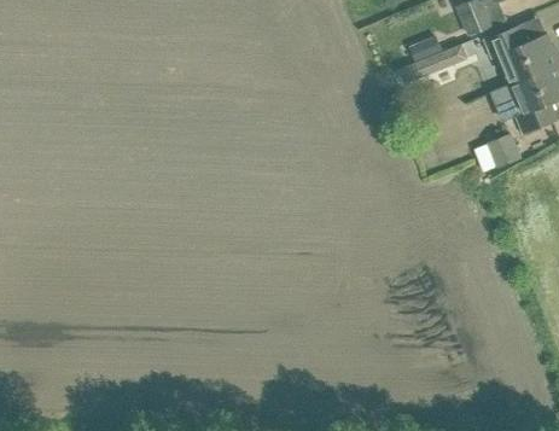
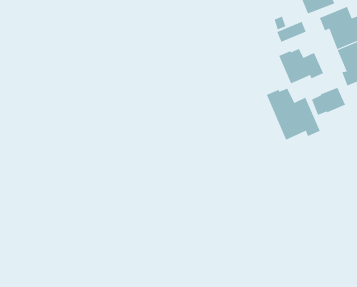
building: none -> [278,48,324,84]
building: none -> [266,88,320,140]

